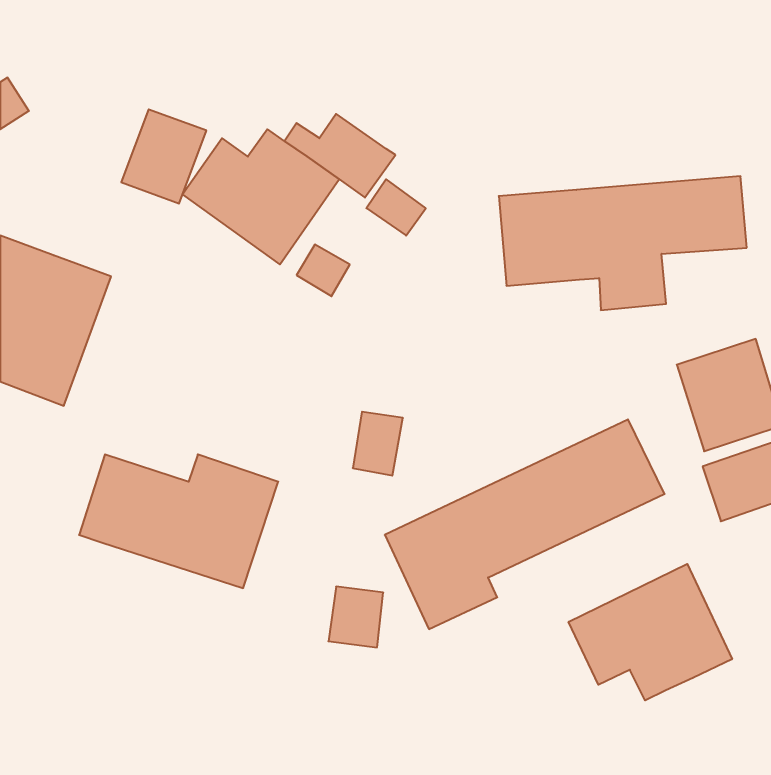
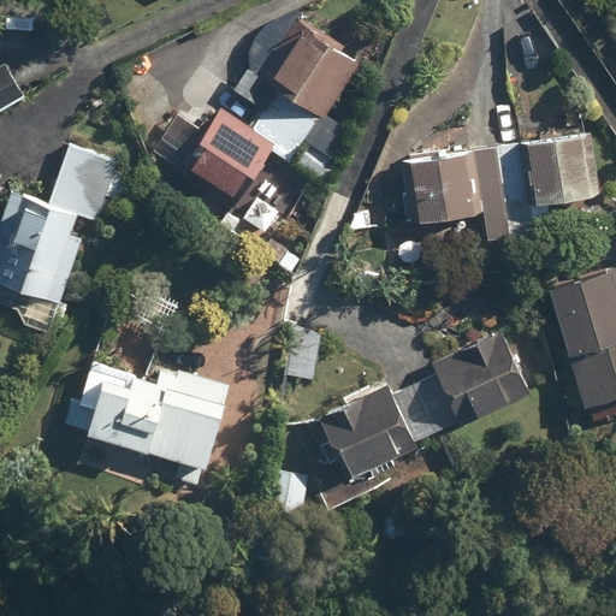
building: none -> [254,19,363,126]
building: [121,109,206,204] -> [47,146,114,220]
building: [569,564,732,700] -> none

